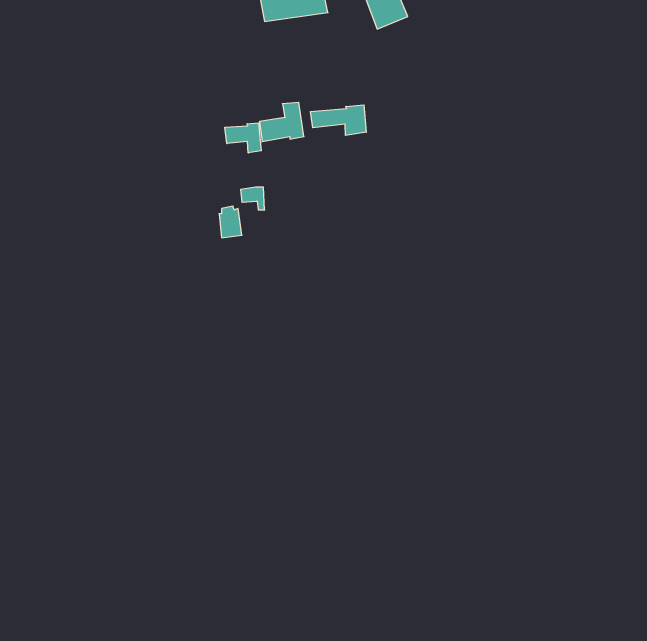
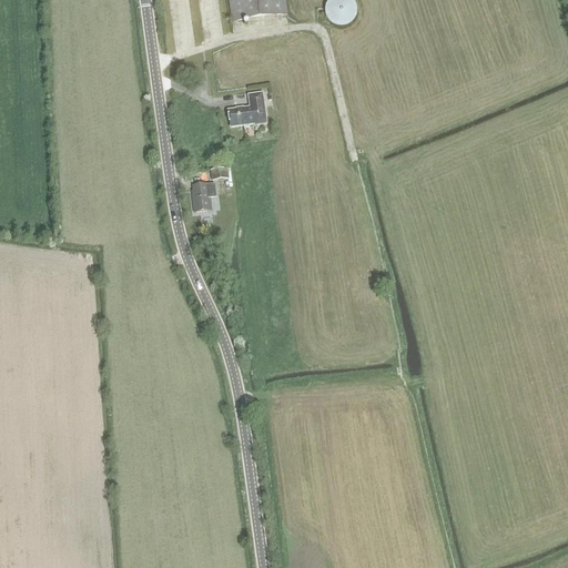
building: [311,105,366,135] -> none
building: [225,123,261,153] -> none

